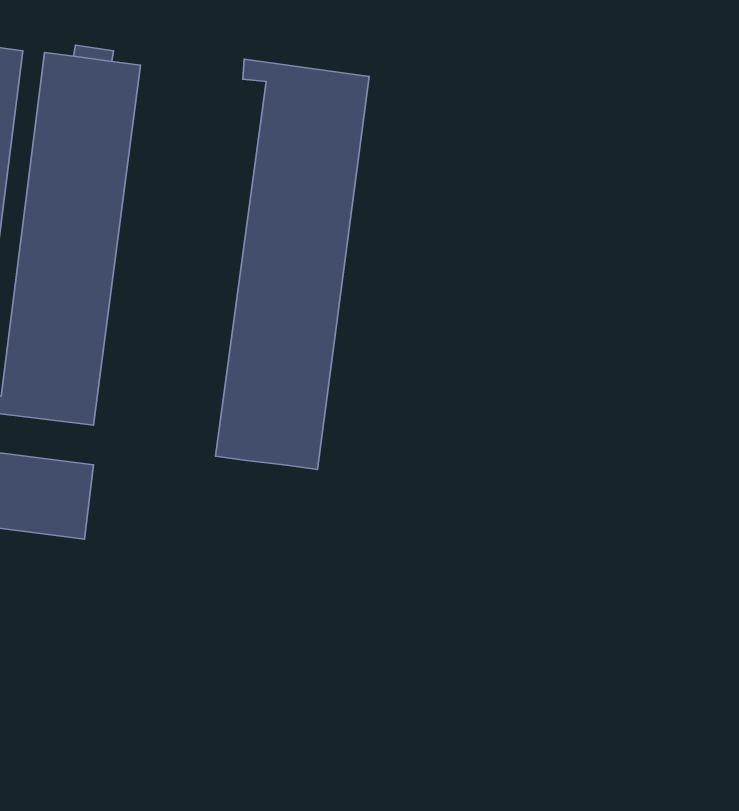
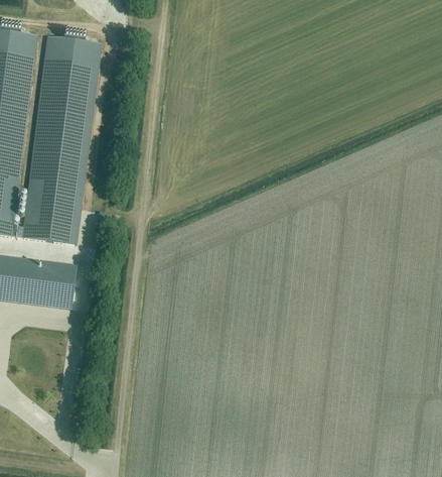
building: [216,59,369,469] -> none

